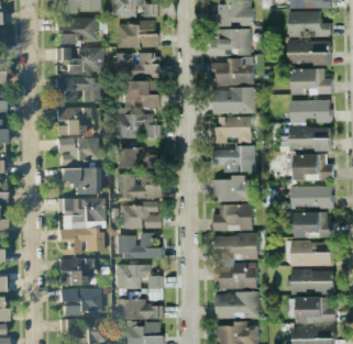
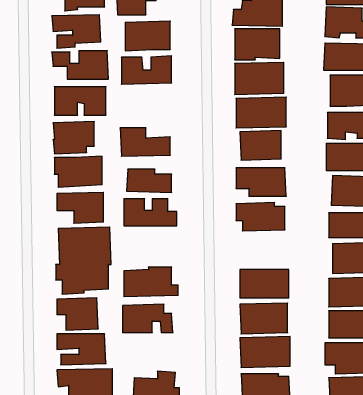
building: [125,80,159,108] -> none
building: [120,202,162,228] -> none
building: [212,203,252,231] -> none
building: [119,299,159,319] -> none

